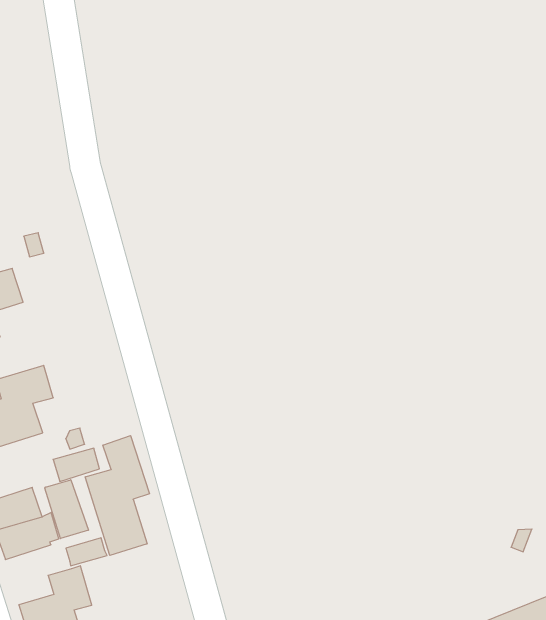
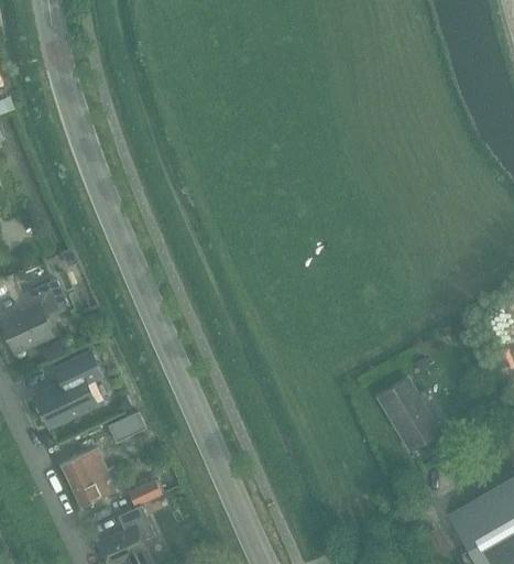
building: [85,436,149,555] -> none
building: none -> [379,380,439,451]
building: [45,480,88,539] -> none

